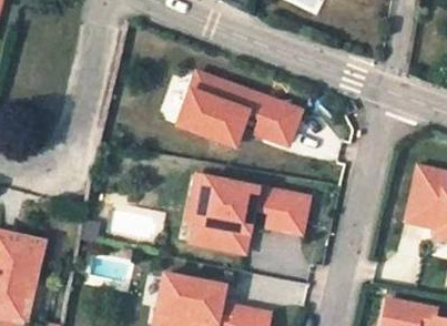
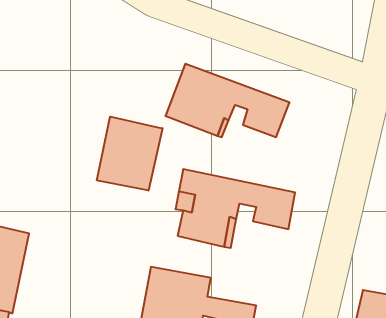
building: none -> [97,117,162,191]

